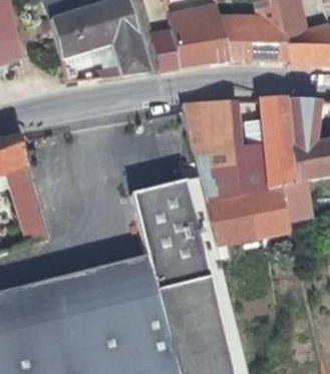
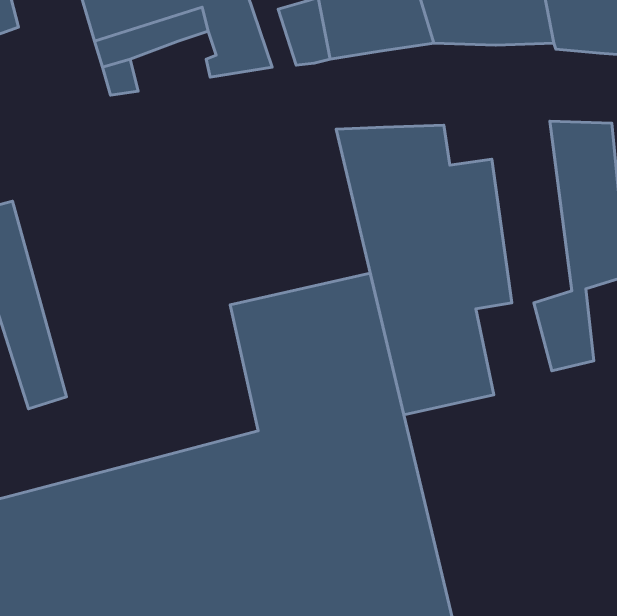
building: [253,98,301,236] -> none

